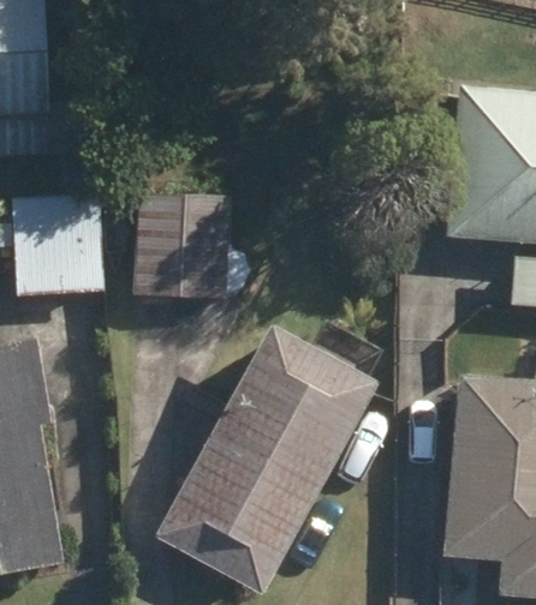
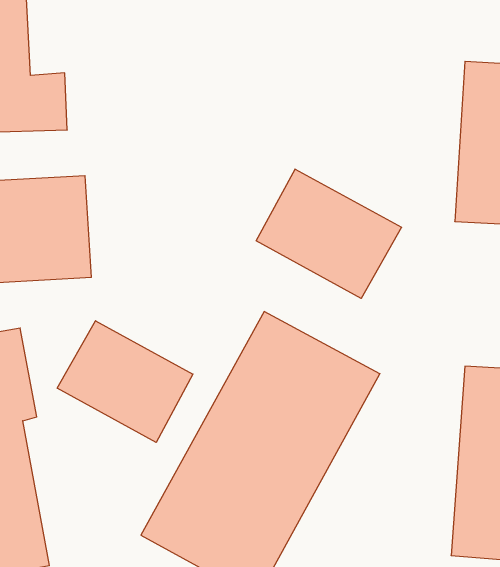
building: none -> [256,169,402,298]
building: [135,191,227,295] -> none
building: none -> [57,321,193,442]

